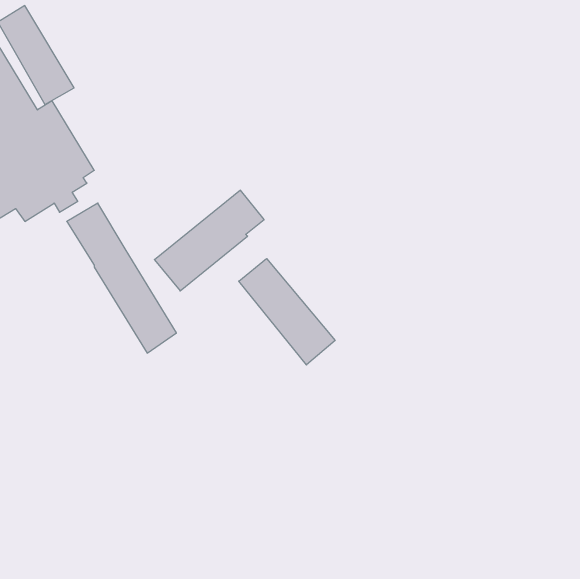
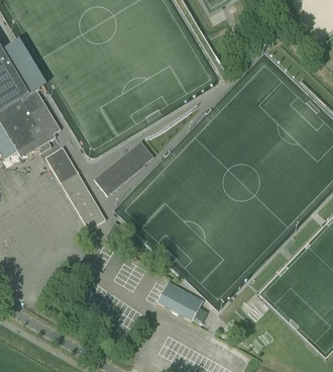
building: [239,259,335,365] -> none
building: none -> [156,282,202,320]

